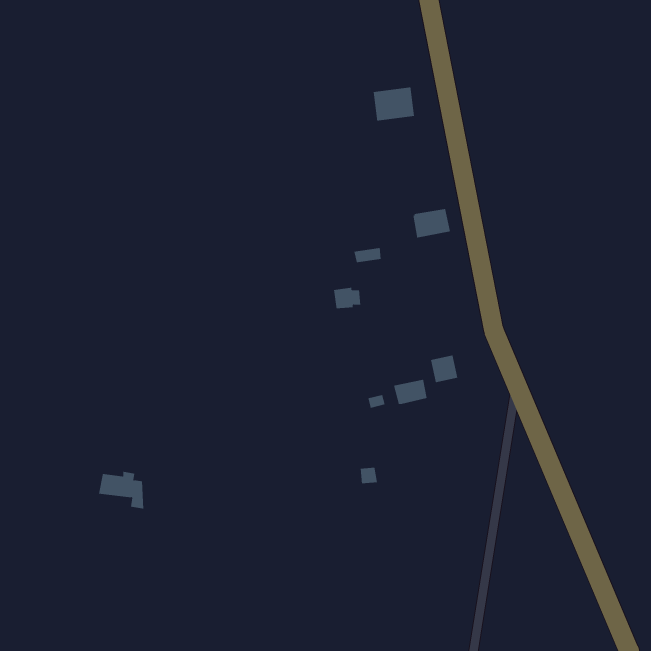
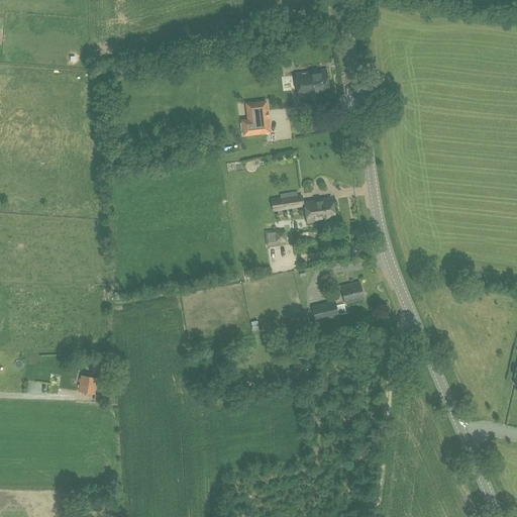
building: none -> [240,99,270,135]
building: [413,209,451,238] -> [304,198,334,221]

